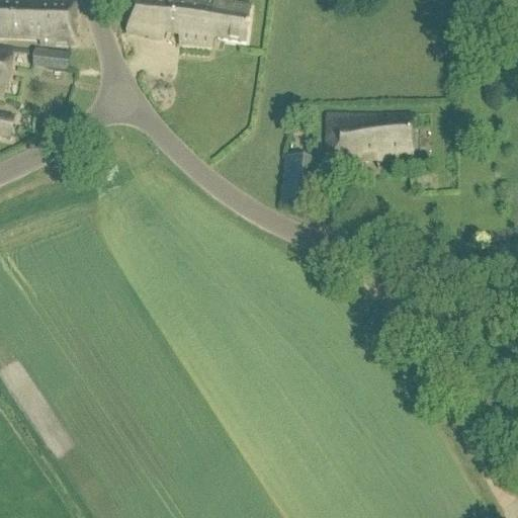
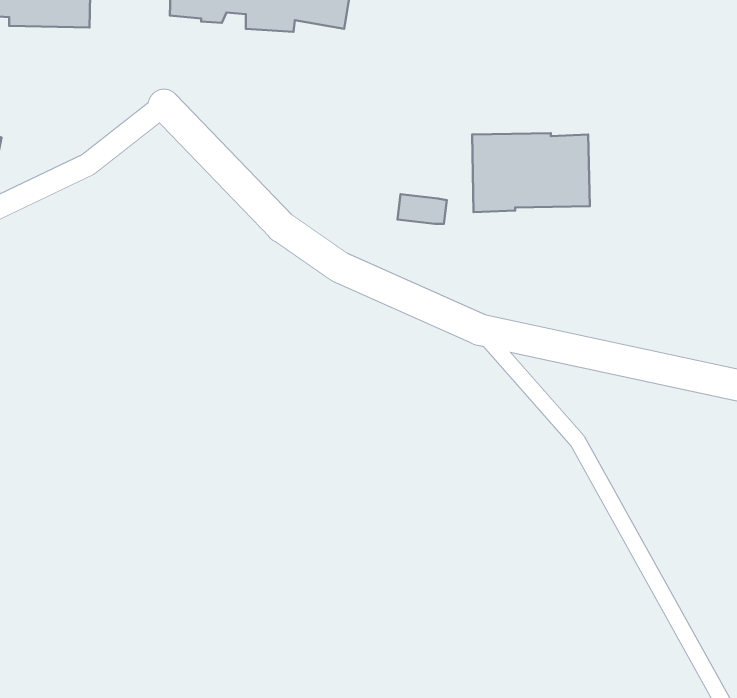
building: [38,48,67,70] -> none

